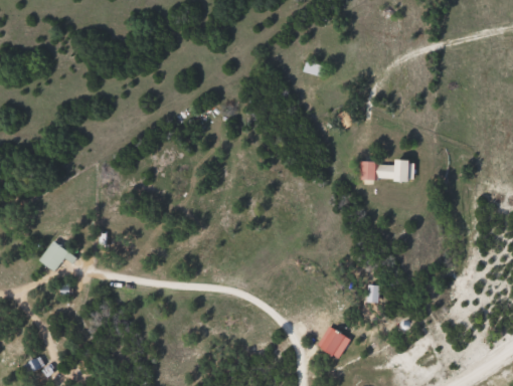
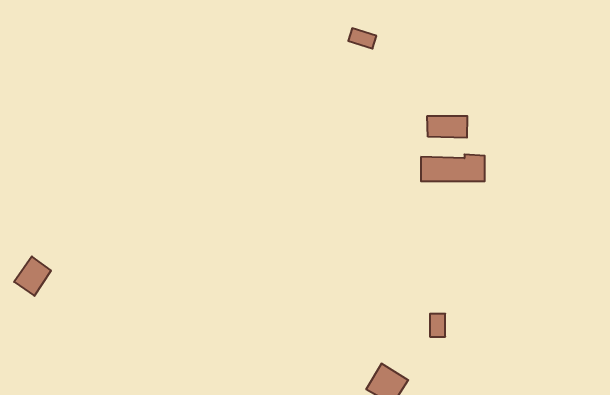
building: none -> [427,116,467,138]

